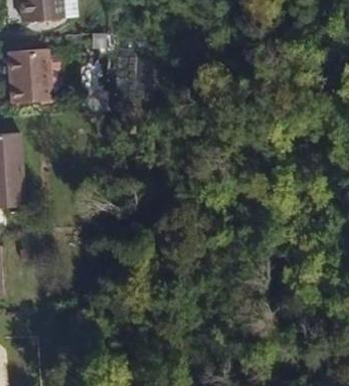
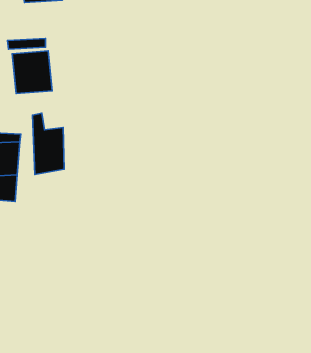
building: none -> [33,113,64,175]

